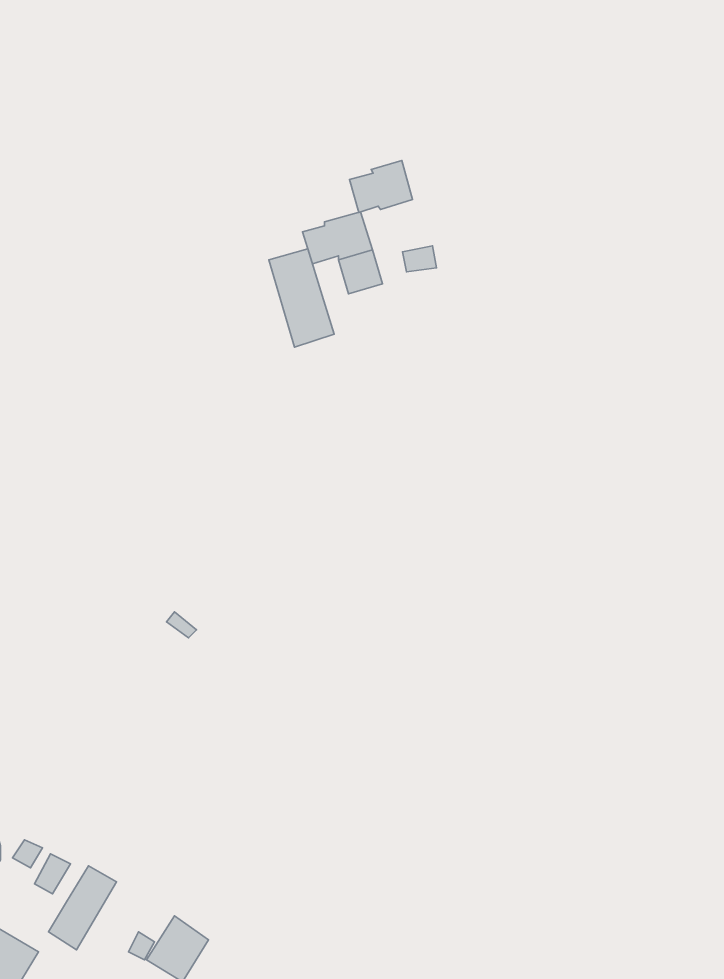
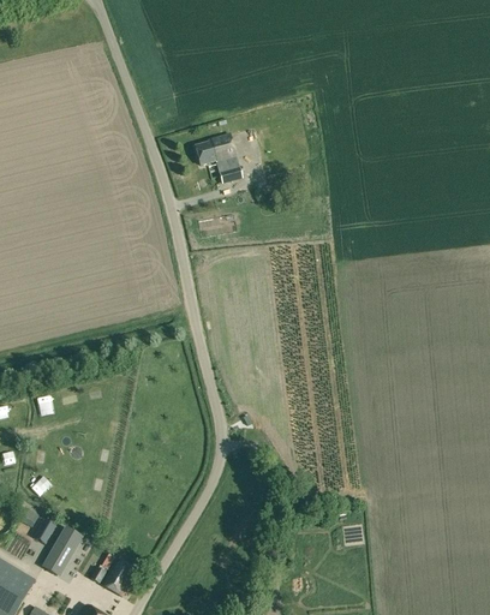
building: [350,161,412,212] -> none
building: [269,249,334,347] -> none

